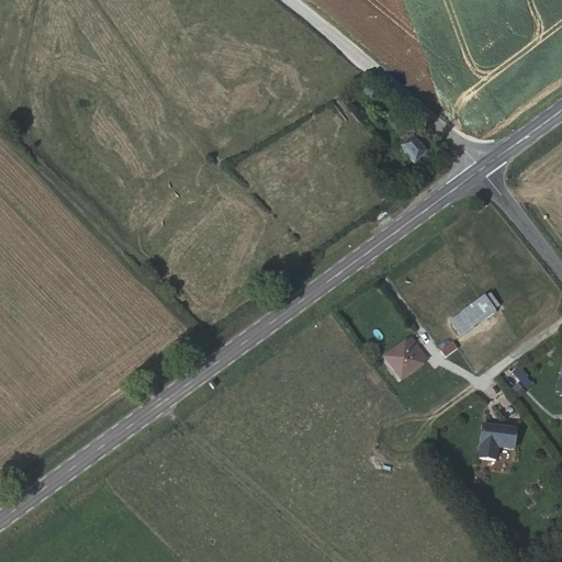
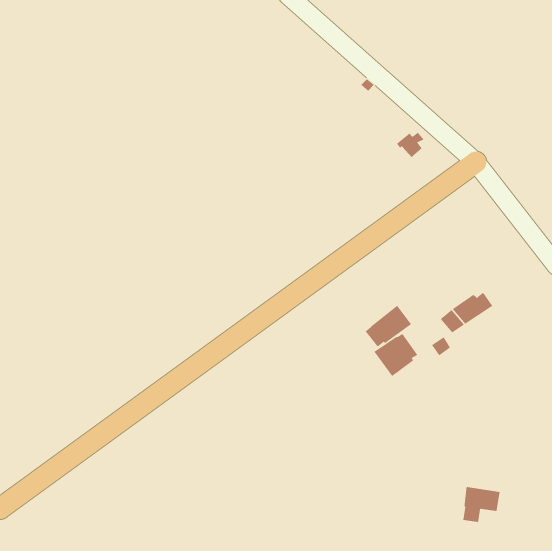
building: none -> [365,305,412,348]
building: [481,423,519,459] -> [462,486,501,522]

